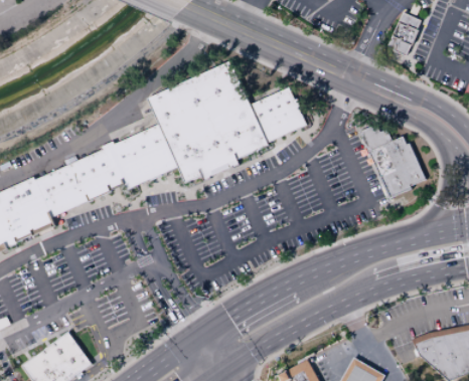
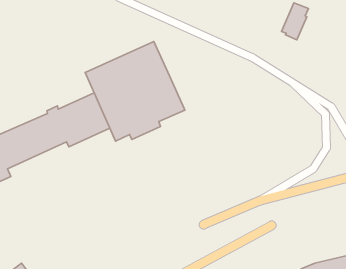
building: [251,87,308,144] -> none
building: [359,124,428,200] -> none

